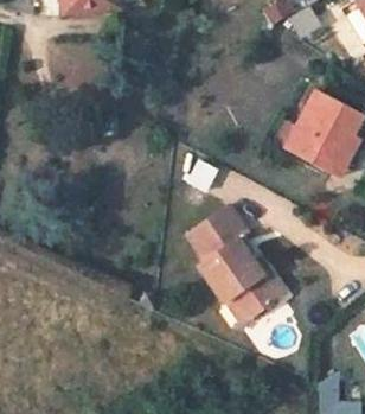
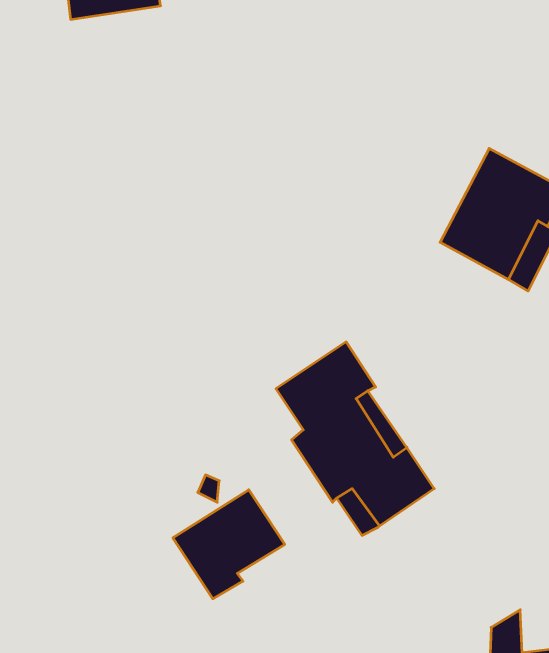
building: none -> [173,490,285,599]

